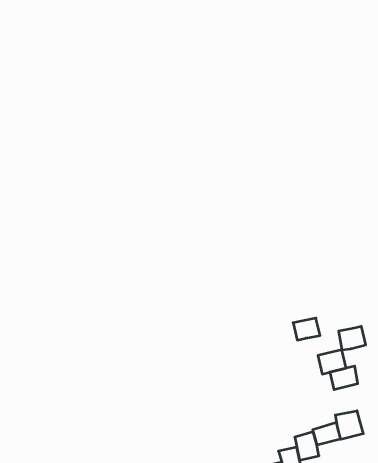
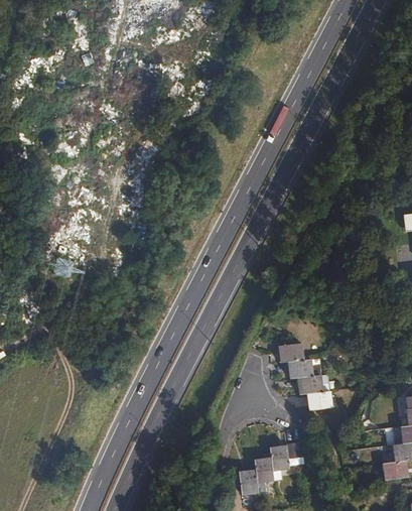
building: [339,326,366,350] -> [292,358,315,377]
building: [335,411,363,439] -> none

